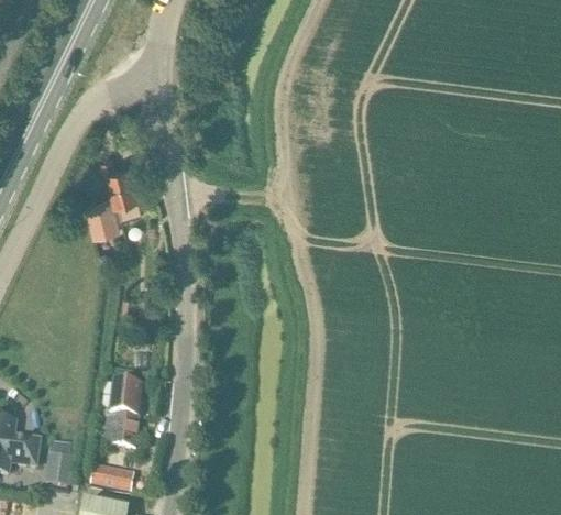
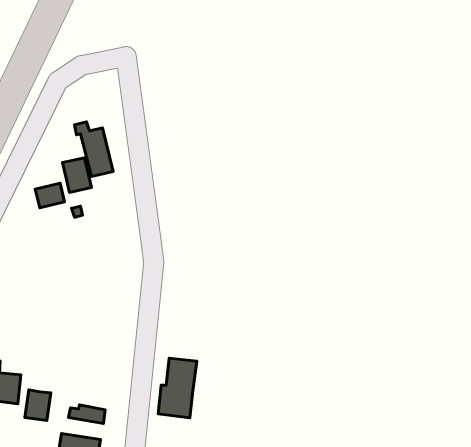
building: none -> [35,183,65,208]
building: [100,376,143,442] -> [158,358,197,418]

